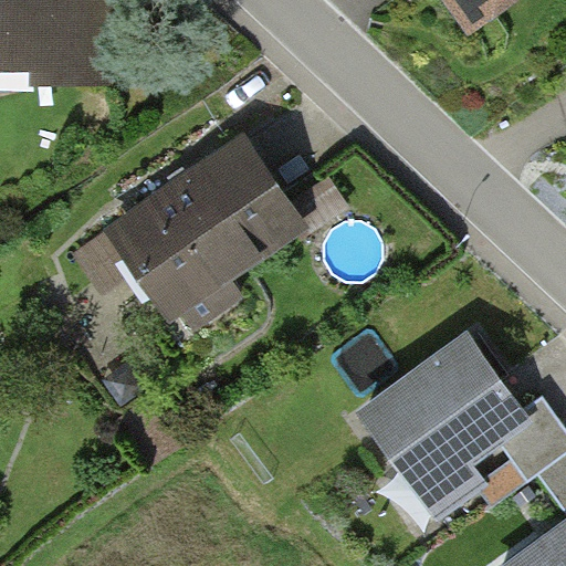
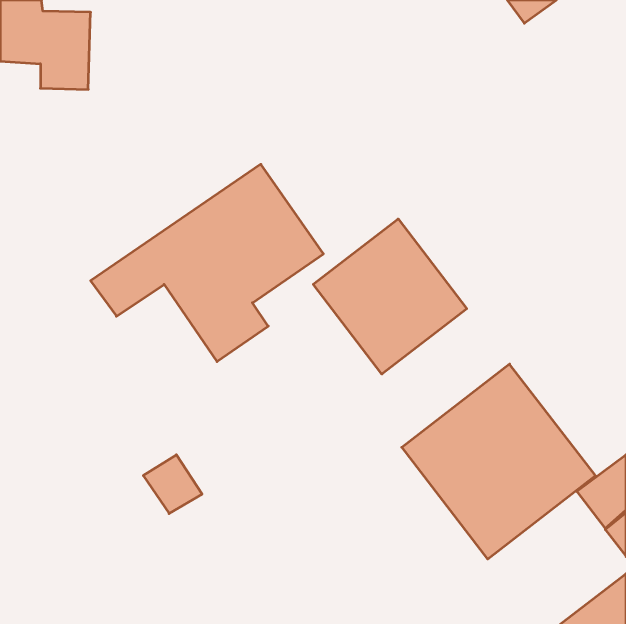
building: none -> [313,219,467,374]

